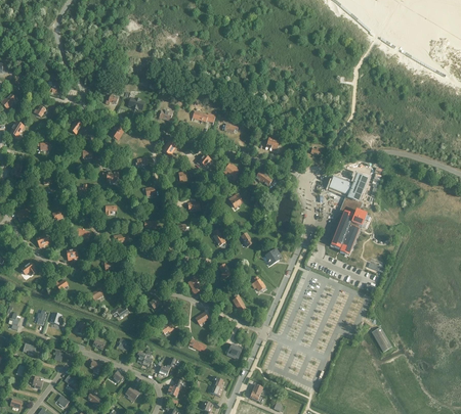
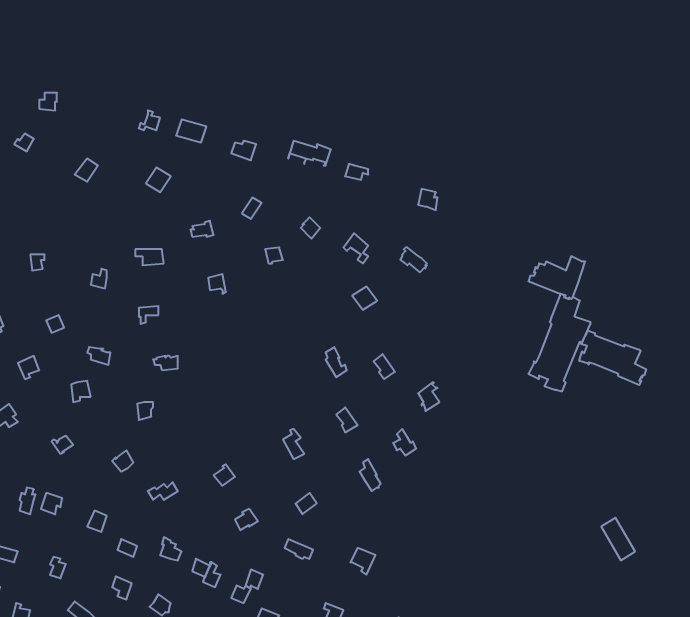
building: none -> [579,330,646,385]

